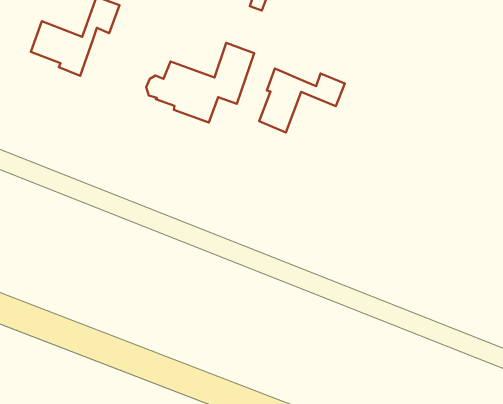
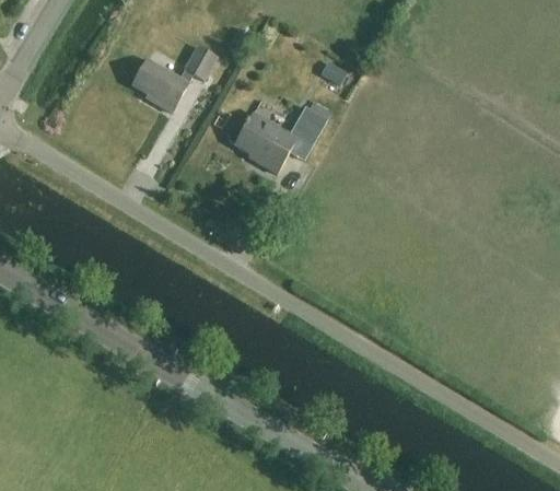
building: [259,68,345,132] -> none

